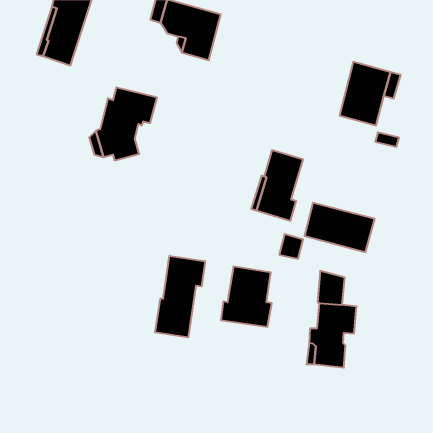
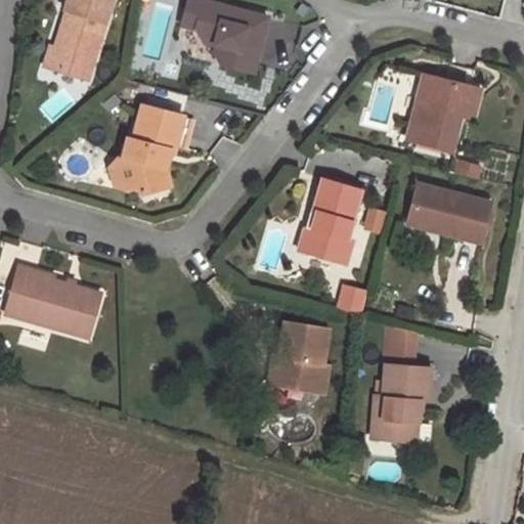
building: [304,203,375,252] -> [406,184,491,244]
building: none -> [5,265,101,337]
building: [155,256,205,337] -> none

